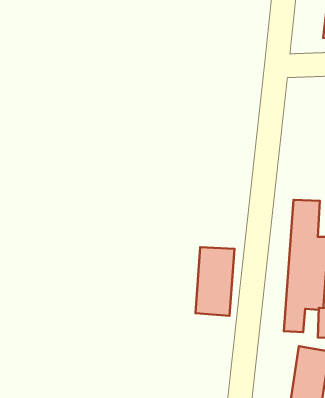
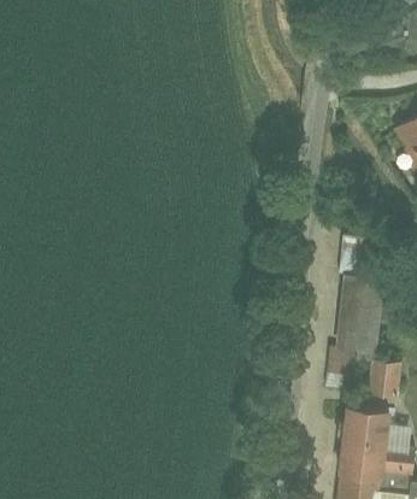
building: [195,247,234,316] -> none

